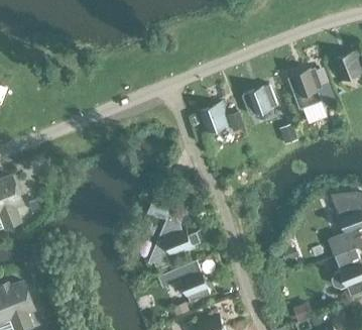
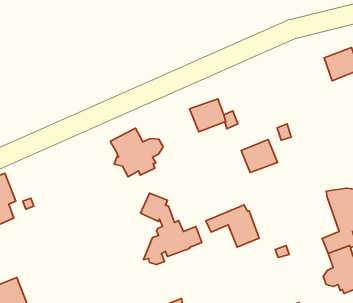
building: [287,66,337,108] -> none
building: [245,82,281,115] -> [241,140,277,173]
building: none -> [110,128,163,177]
building: [158,259,212,302] -> [206,205,259,247]

